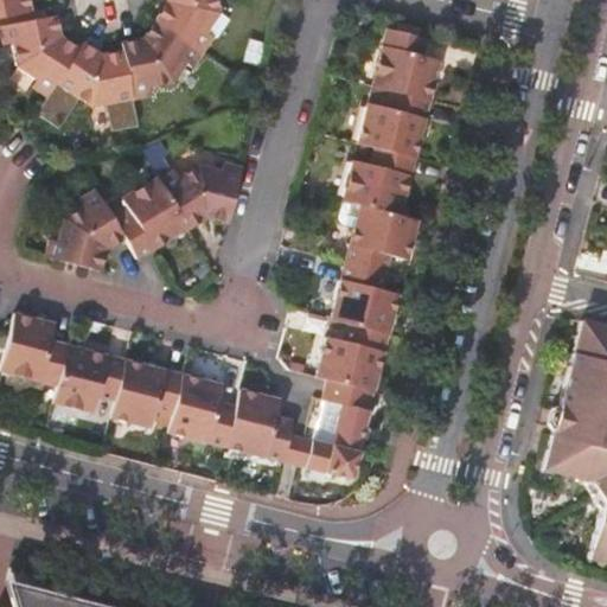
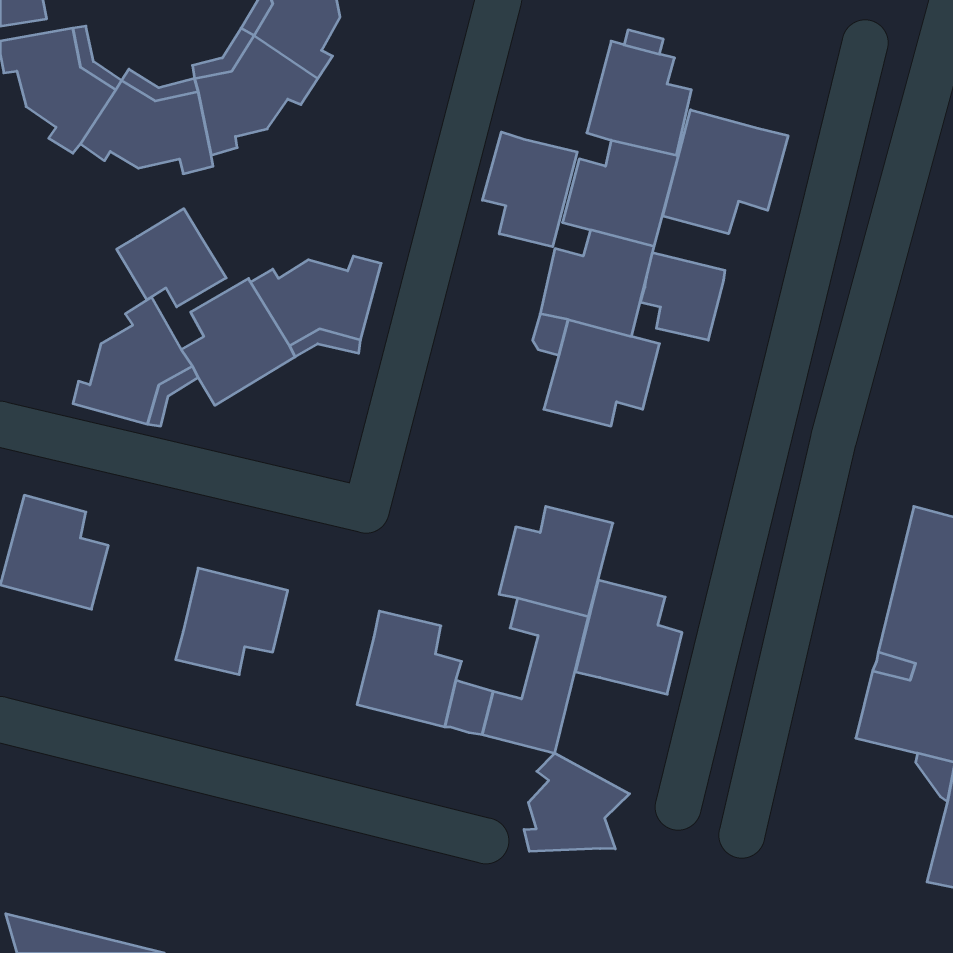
building: none -> [663,110,788,234]
building: none -> [482,132,577,247]
building: none -> [117,209,226,307]
building: none -> [640,253,725,340]
building: [332,260,400,332] -> [576,580,682,694]
building: [56,346,127,414] -> none
building: [170,375,238,447] -> none
building: none -> [524,753,630,851]

